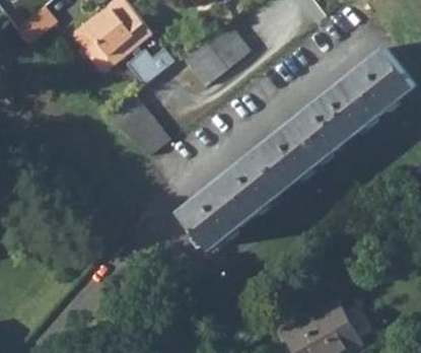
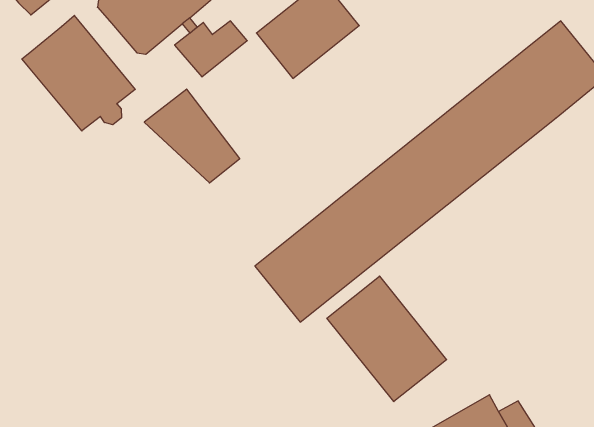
building: none -> [22,15,135,131]
building: none -> [327,276,447,402]

